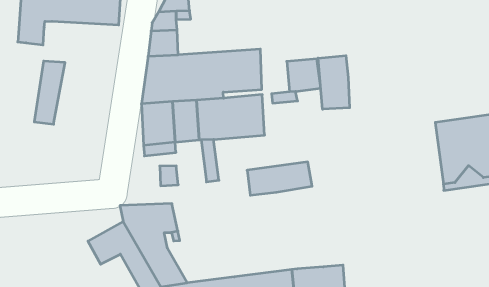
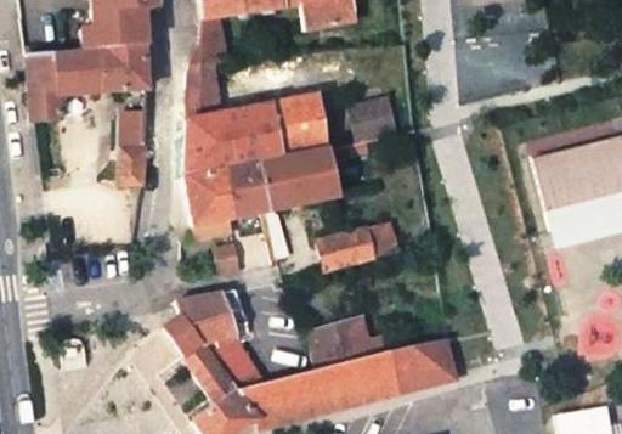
building: [318,56,350,109] -> none
building: [34,61,65,124] -> [120,108,148,182]
building: none -> [307,317,386,367]

